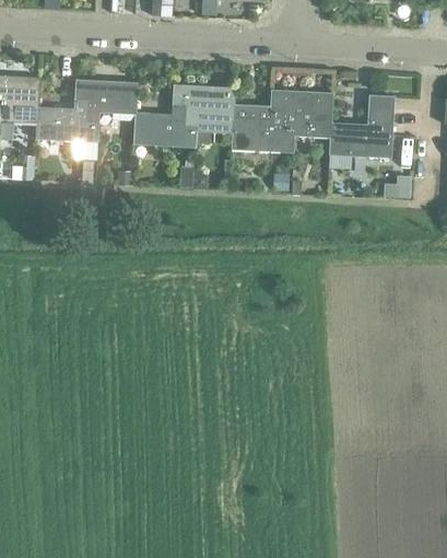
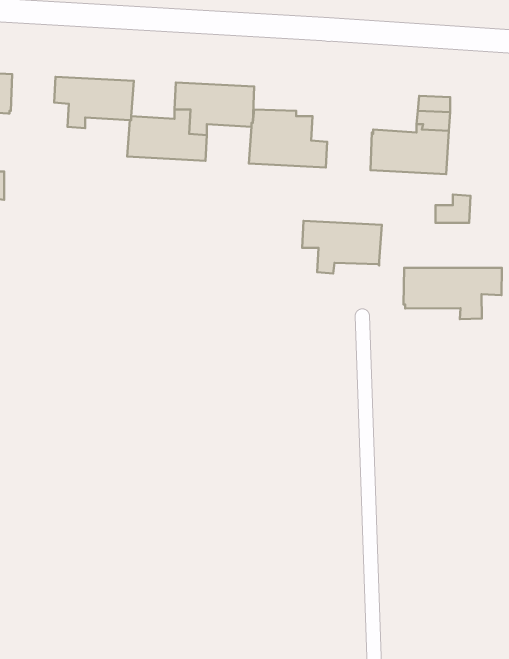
building: [269,90,333,132] -> [302,221,382,273]
building: [35,101,98,142] -> none
building: none -> [404,268,502,319]

